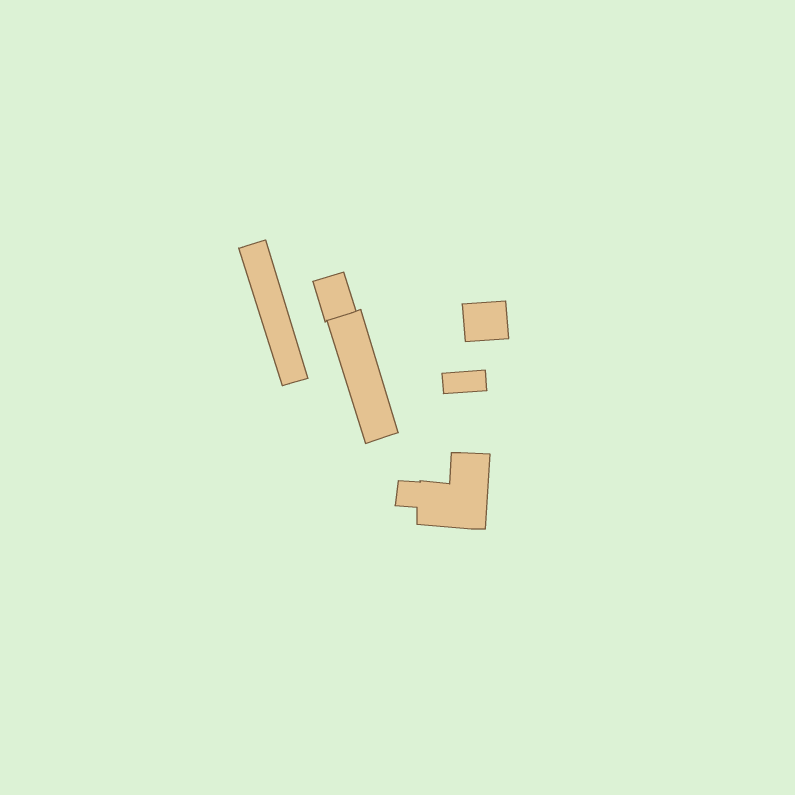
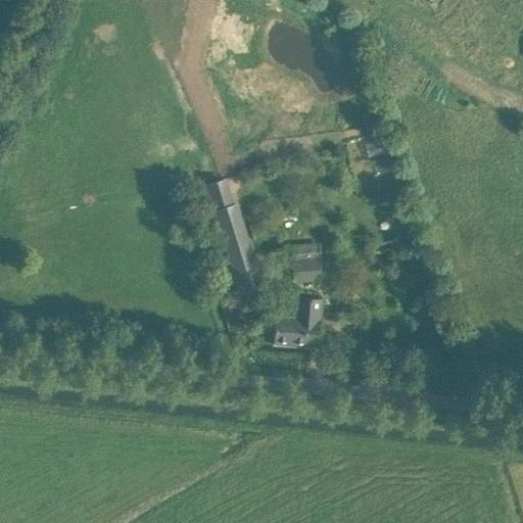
building: [239,240,308,386] -> none
building: [462,301,509,341] -> [291,256,322,283]

